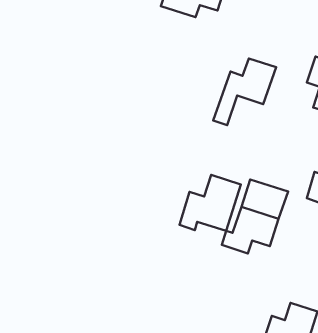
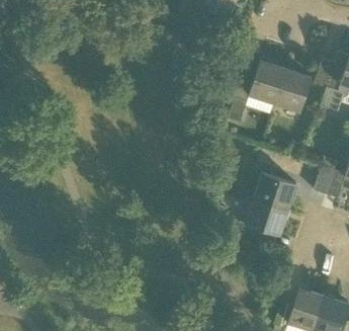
building: none -> [274,69,311,111]
building: [179,175,241,231] -> none

